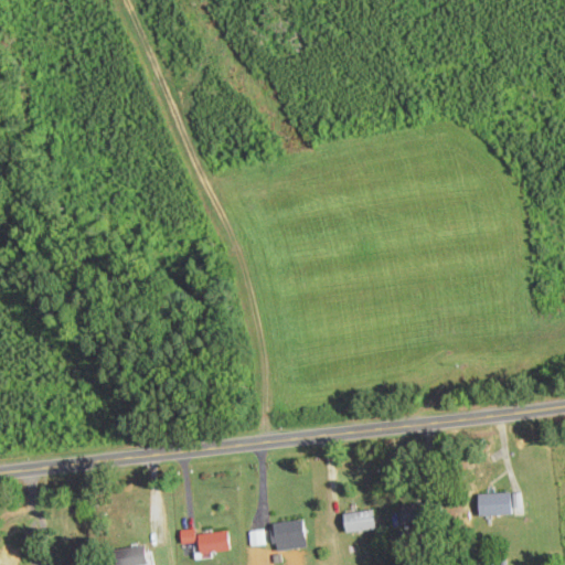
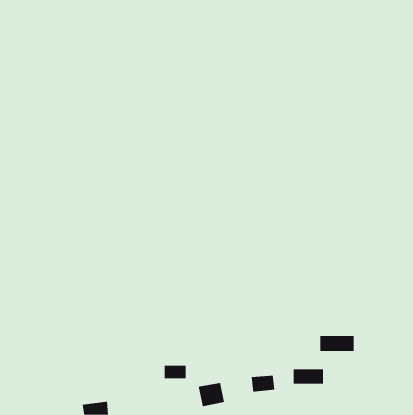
building: [476,493,523,515] -> [320,335,355,352]
building: [196,533,227,552] -> [164,365,187,379]

